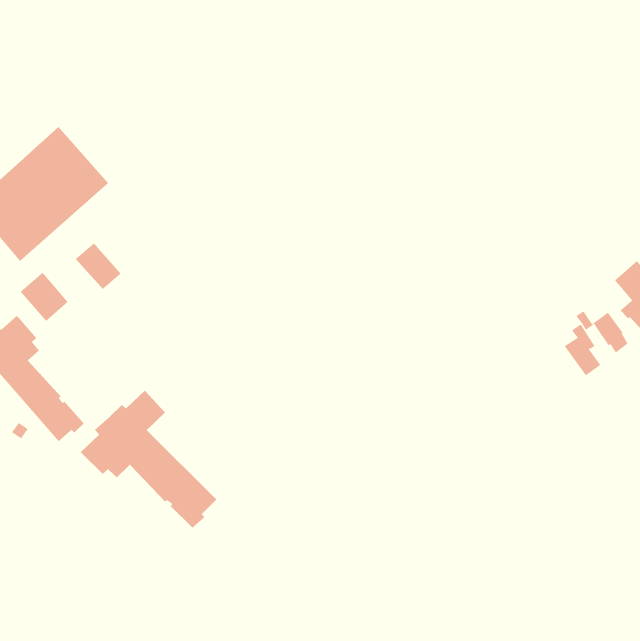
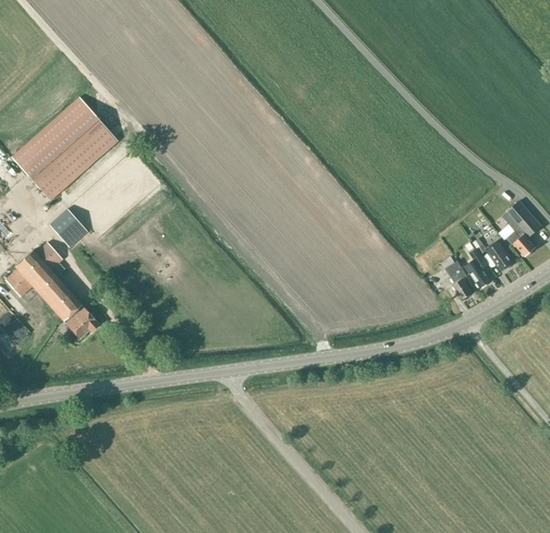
building: [75,242,121,290] -> none
building: none -> [444,259,472,299]
building: [80,390,217,529] -> none

